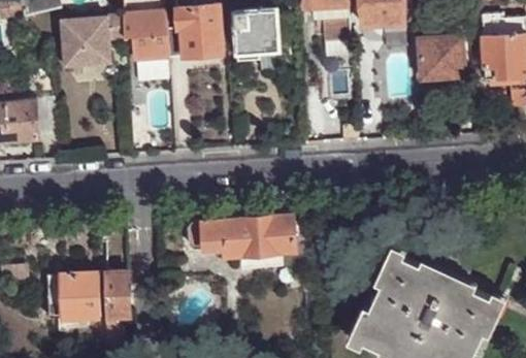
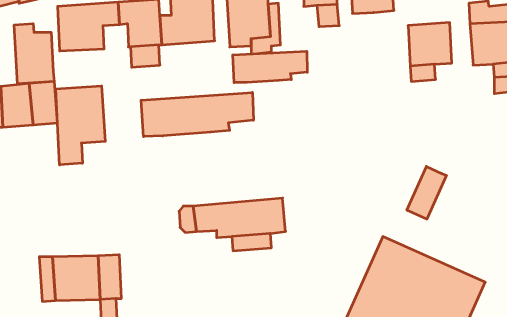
building: none -> [14,24,54,84]
building: none -> [233,51,307,83]
building: none -> [56,86,105,165]
building: none -> [141,92,253,137]
building: none -> [407,166,446,219]

